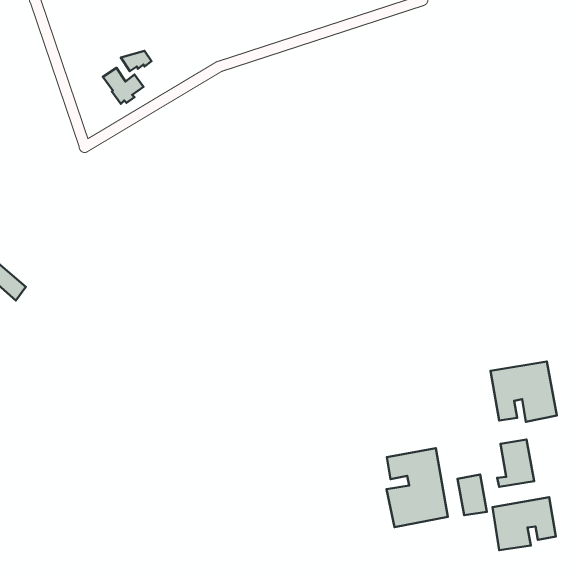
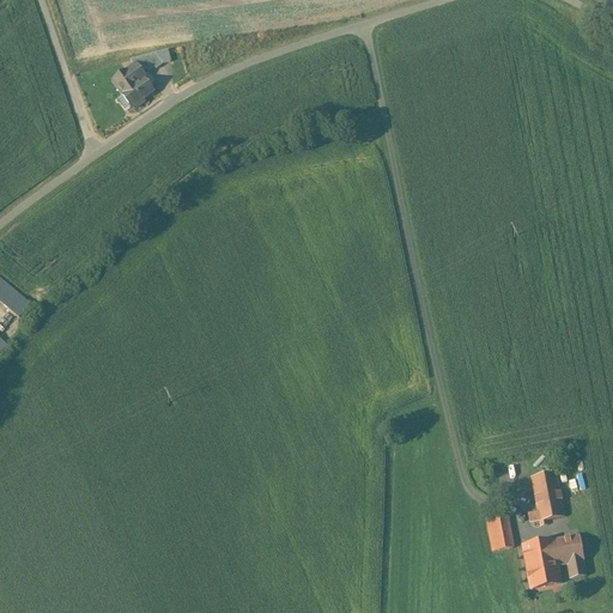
building: [491,362,557,422] -> none
building: [387,448,448,527] -> none

